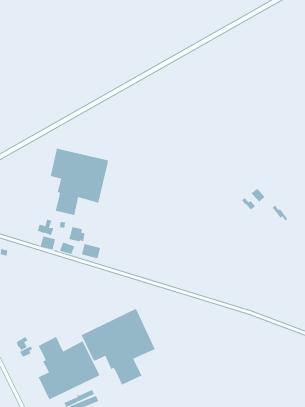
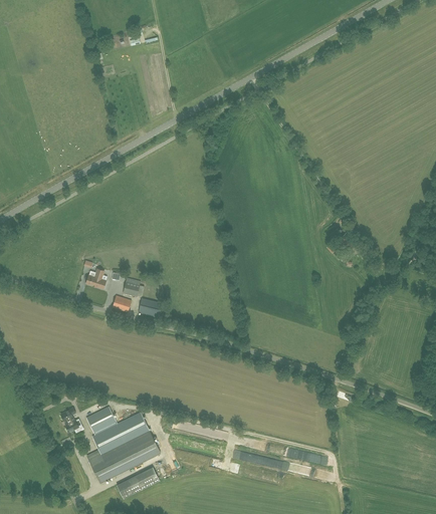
building: [50,148,109,216] -> none
building: [81,308,156,385] -> none

